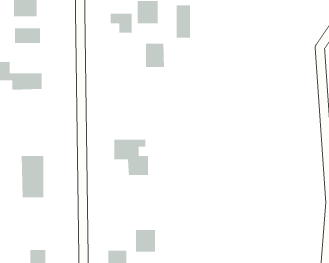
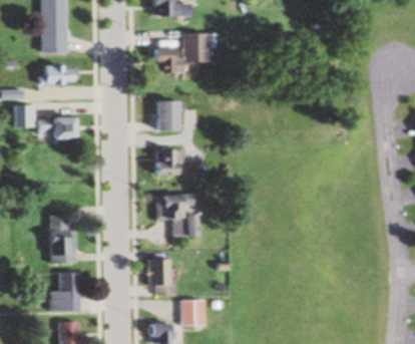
building: [176,5,191,39] -> none
building: [145,43,165,68] -> [156,101,179,130]
building: none -> [155,149,189,176]
building: none -> [149,260,174,297]
building: none -> [52,273,81,308]

